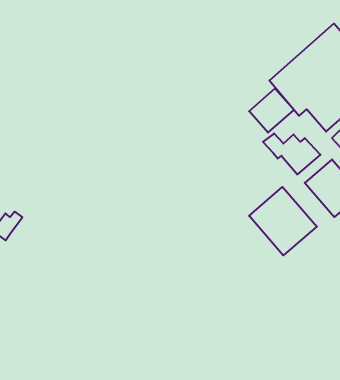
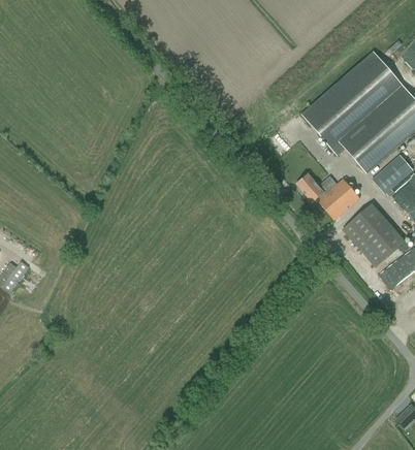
building: [249,89,294,133] -> none
building: [249,187,317,255] -> none

